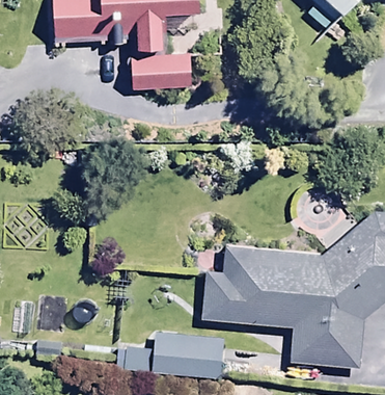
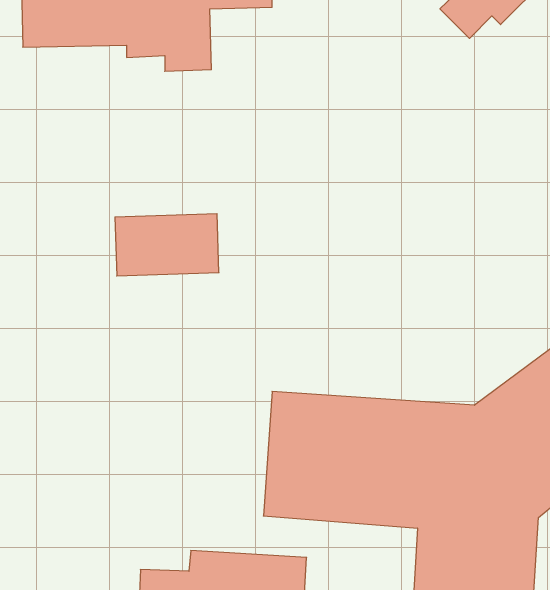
building: [131,54,193,91] -> [115,214,219,276]

